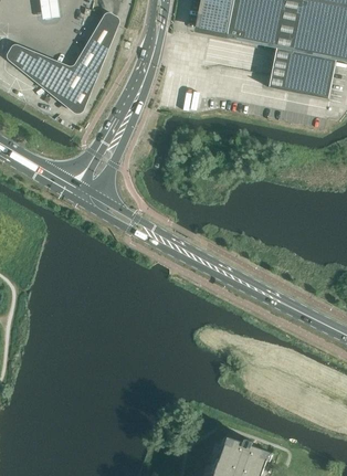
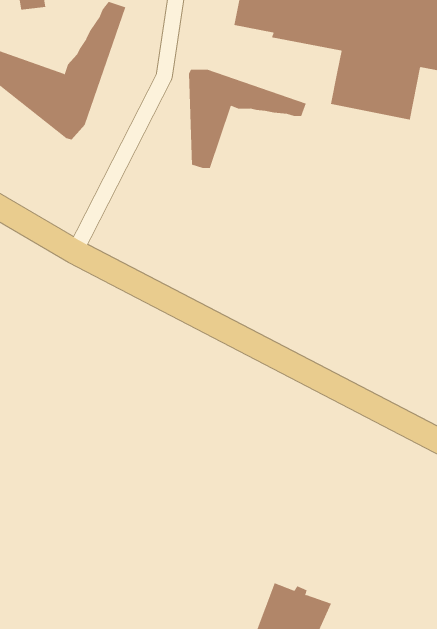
building: none -> [188,69,307,169]

